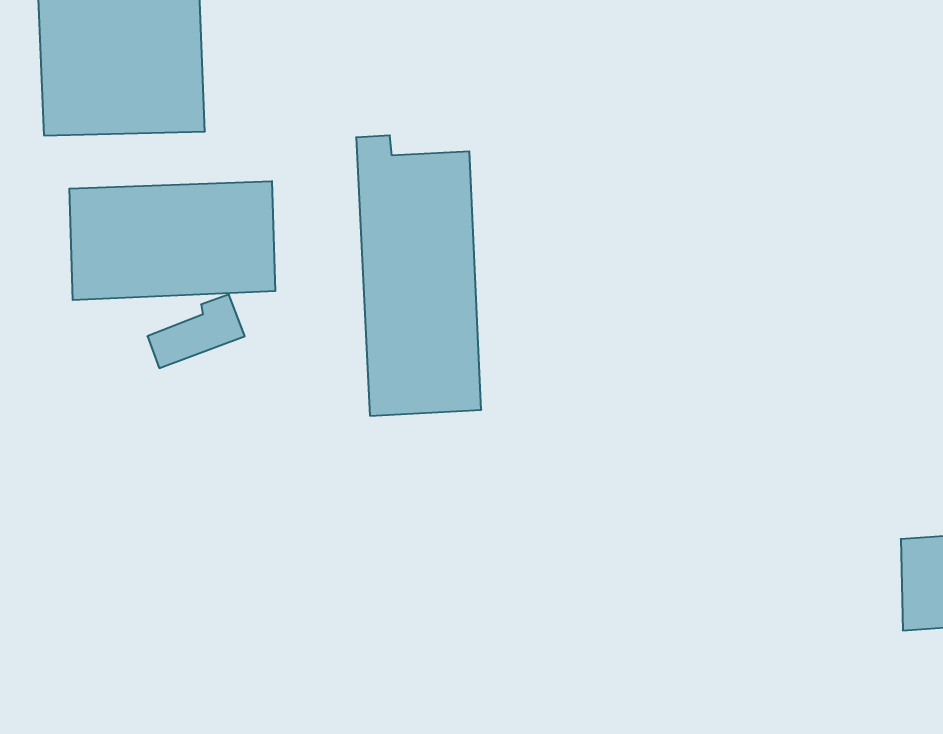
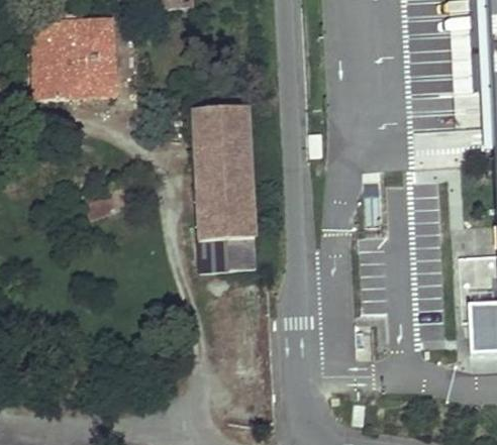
building: [69,181,275,300] -> none
building: none -> [200,236,258,268]

